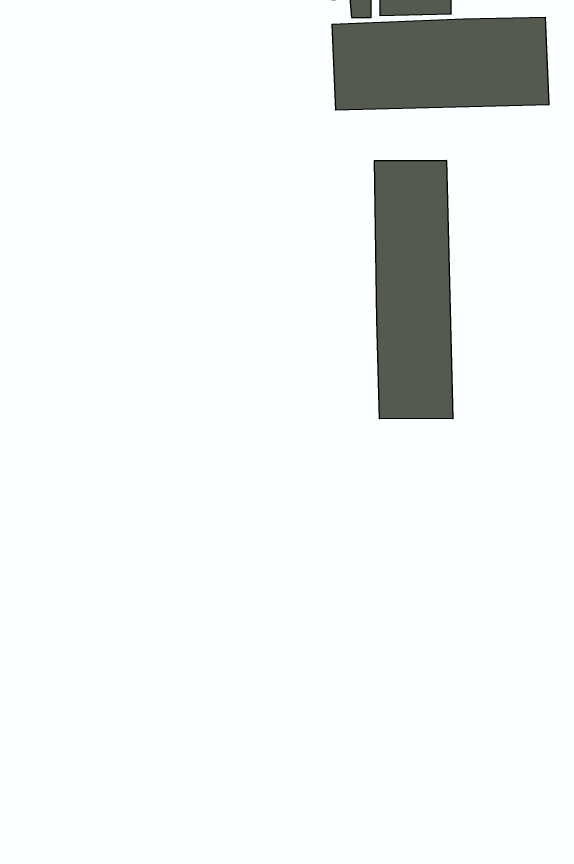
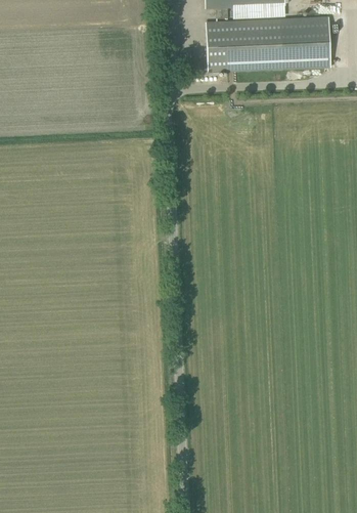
building: [374,160,453,419] -> none

